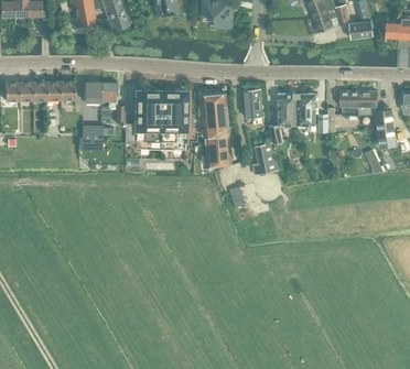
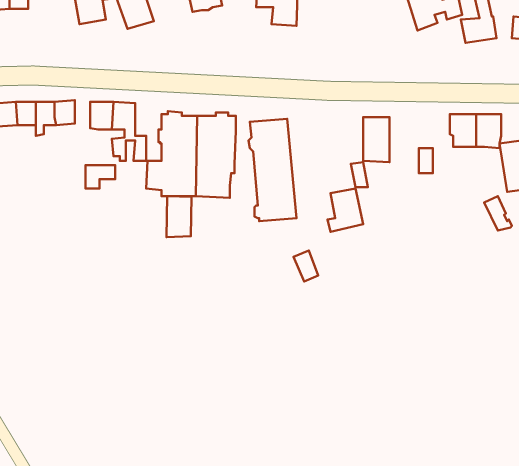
building: [245,90,262,126] -> none
building: [298,94,315,126] -> none
building: none -> [166,196,192,237]

